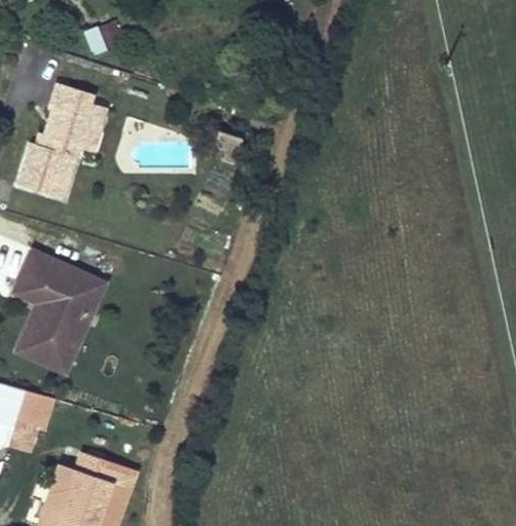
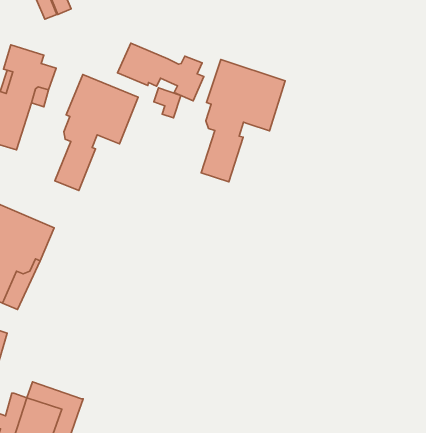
building: none -> [118,43,204,101]
building: none -> [201,59,285,182]
building: none -> [55,74,138,191]

